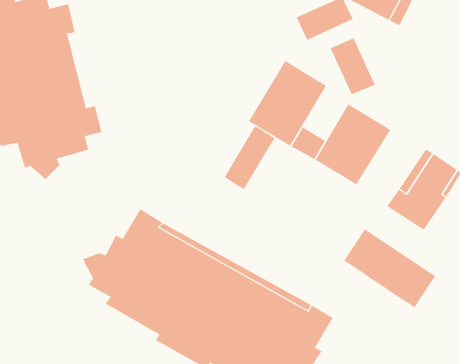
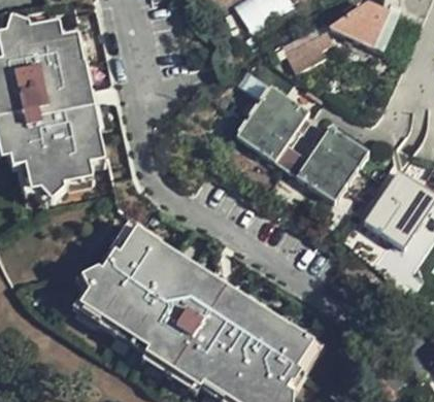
building: [330,37,375,95] -> none
building: [224,125,275,190] -> none
building: [343,228,436,308] -> none

